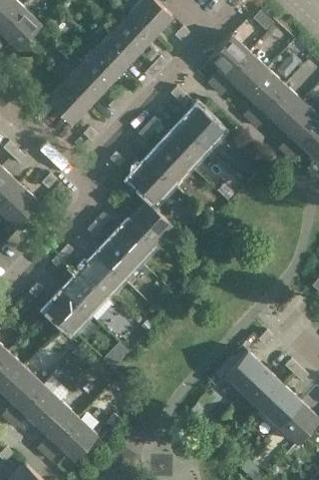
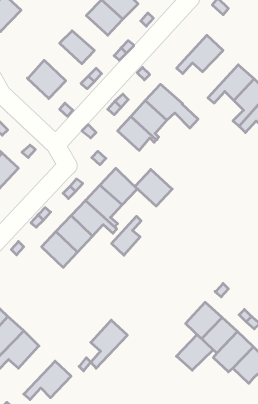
building: [97,30,137,69] -> none
building: [208,35,249,89] -> none
building: [66,61,108,103] -> none
building: [243,69,284,122] -> none
building: [130,159,173,200] -> [135,169,172,206]
building: none -> [112,216,141,255]
building: [46,290,87,331] -> none
building: none -> [176,335,213,370]
building: [37,401,78,455] -> [91,320,127,368]

